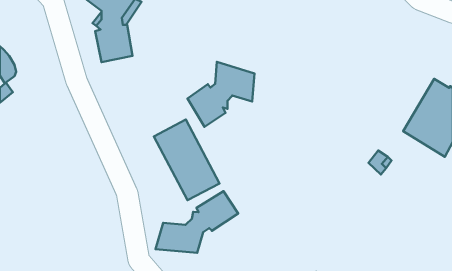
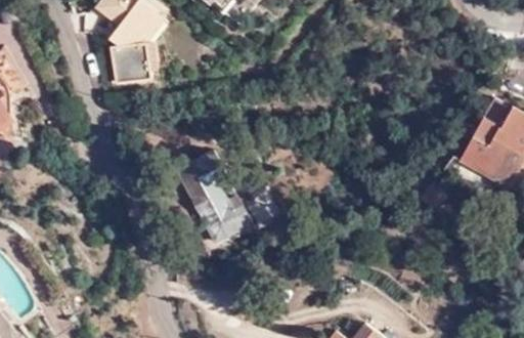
building: [187,62,254,127] -> none
building: [155,191,238,253] -> none

